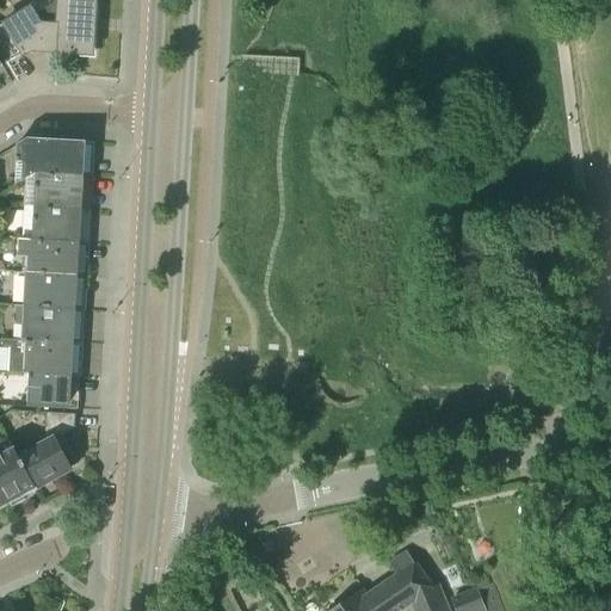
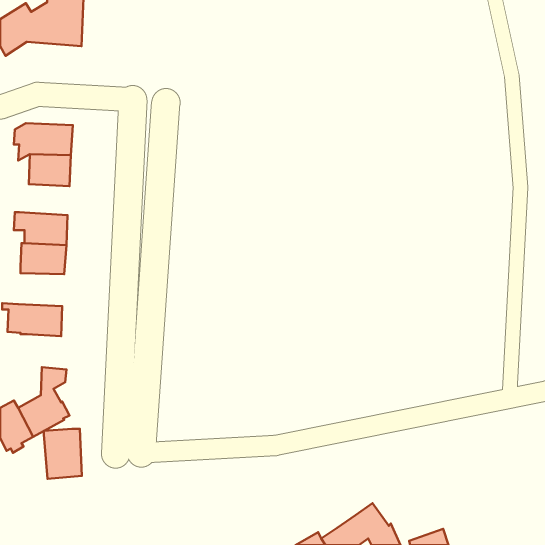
building: [24,204,80,240] -> none
building: [23,304,74,341] -> none
building: [30,372,70,408] -> none
building: none -> [44,429,82,479]

